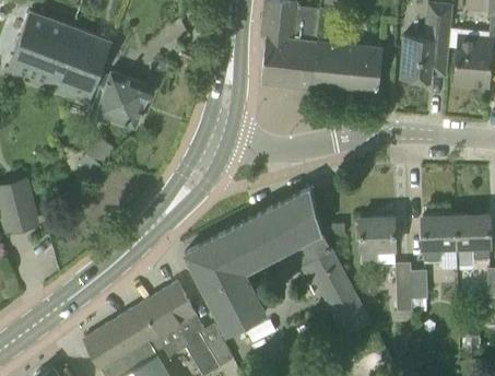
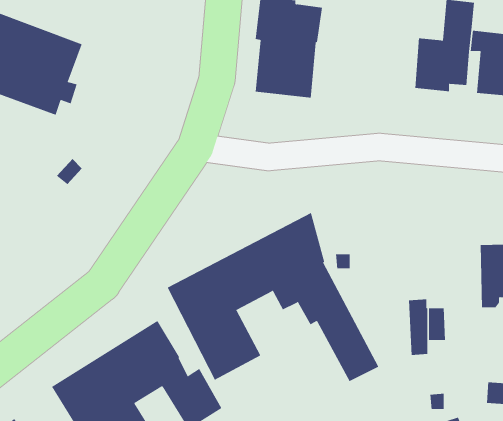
building: [310,39,382,94] -> none
building: [94,71,152,127] -> none
building: [423,215,458,272] -> none
building: [360,216,396,263] -> none

